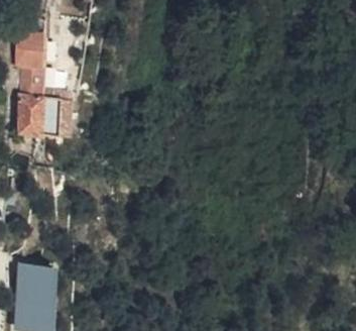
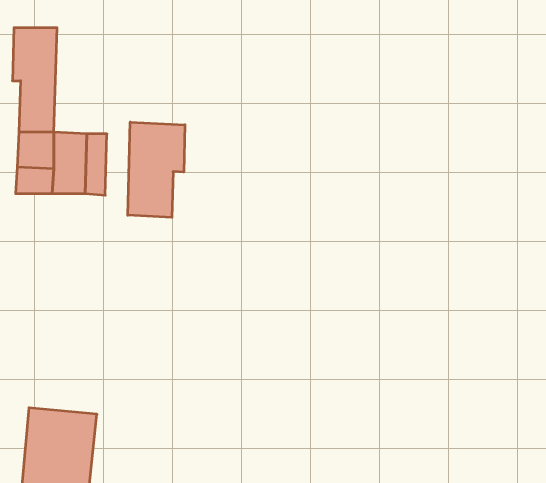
building: none -> [128,122,185,217]

